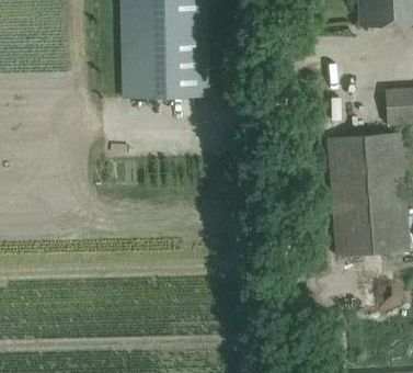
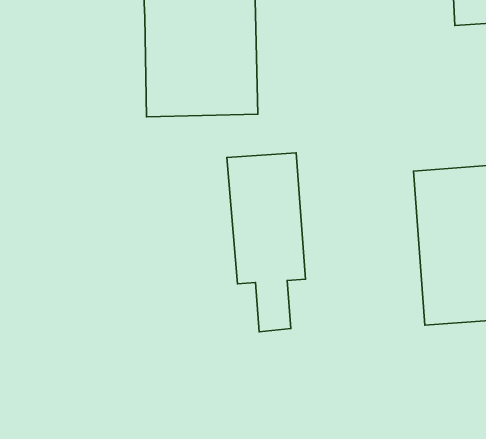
building: none -> [227,153,305,332]

